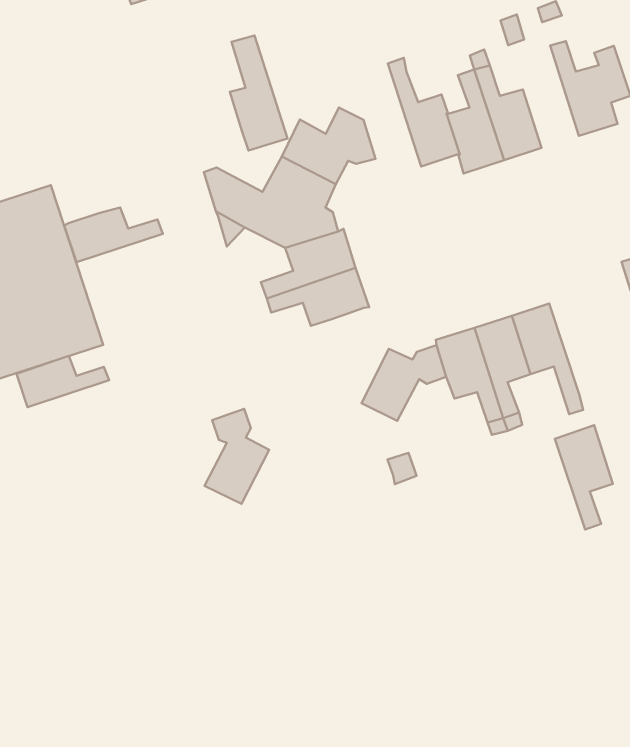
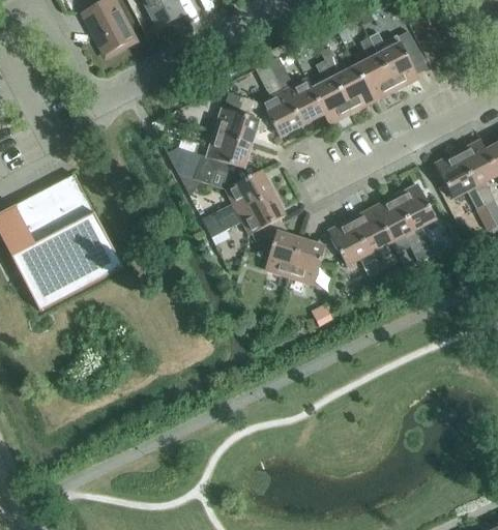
building: [230,36,287,150] -> [257,64,301,136]
building: none -> [356,36,396,100]
building: [64,207,163,262] -> none
building: [16,356,109,407] -> none
building: [204,409,269,504] -> [262,217,300,276]
building: [555,425,613,529] -> [394,183,435,248]

